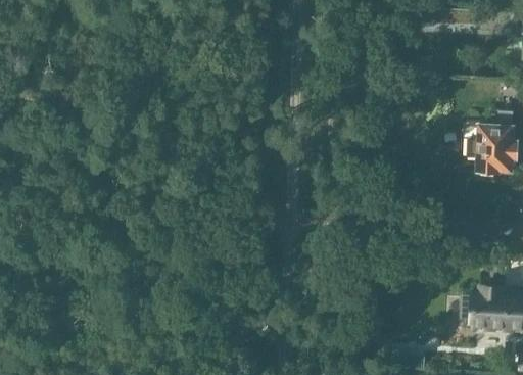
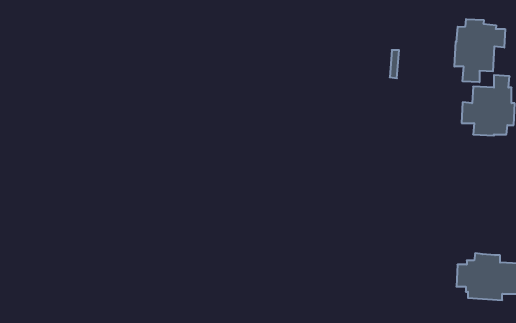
building: none -> [454,19,505,82]

